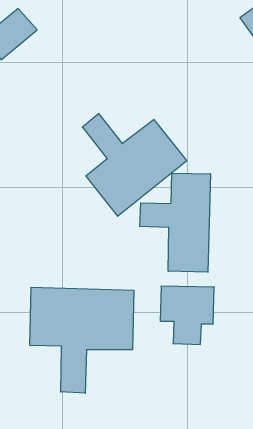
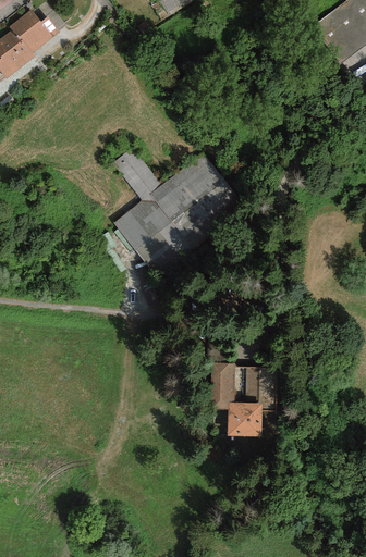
building: [140,173,211,272] -> none
building: [30,287,134,393] -> none

